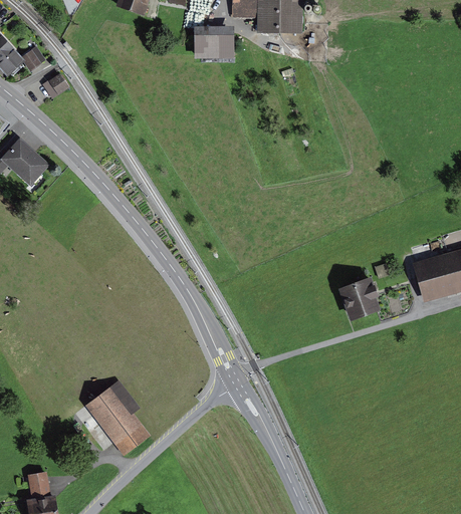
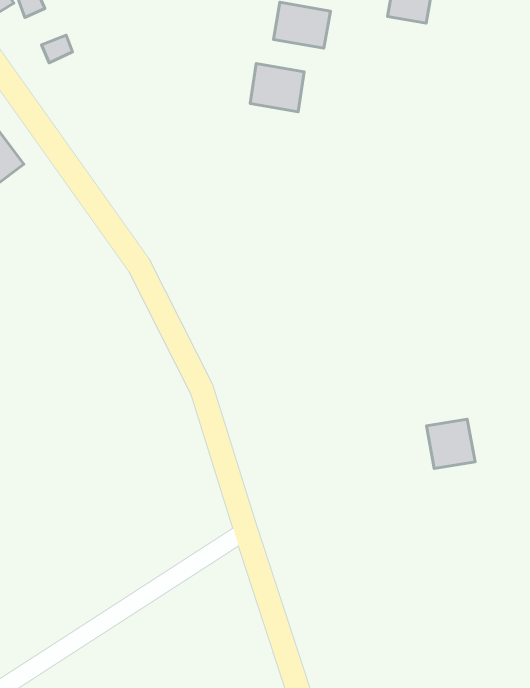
building: none -> [250,64,304,112]
building: [95,388,148,449] -> none

